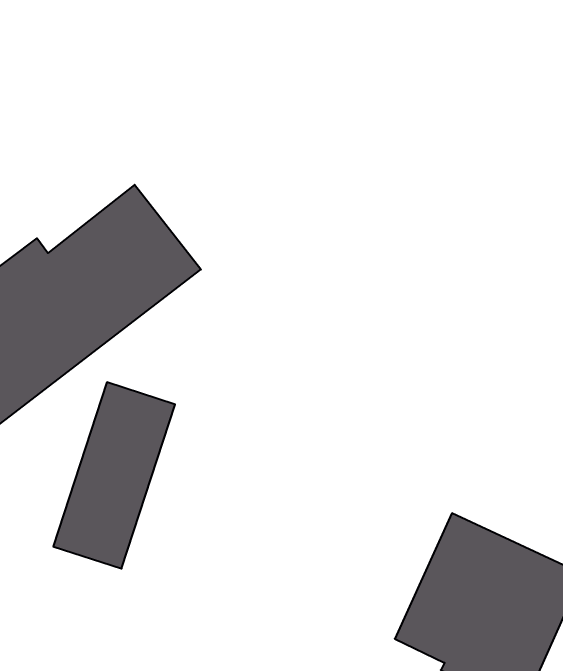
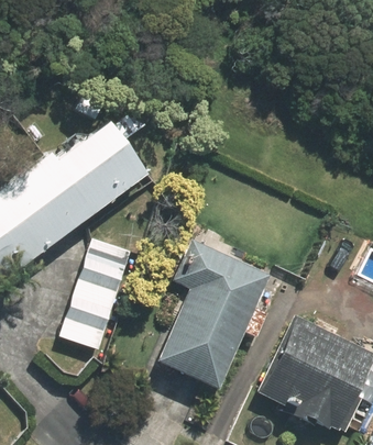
building: none -> [160,243,271,392]

